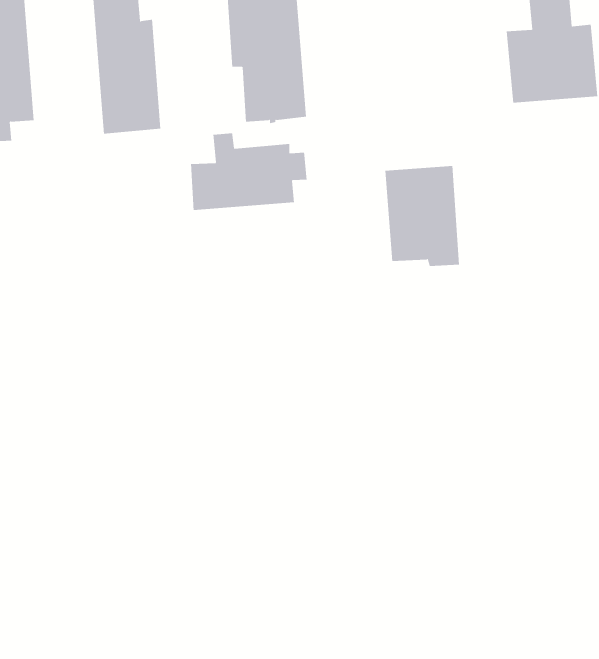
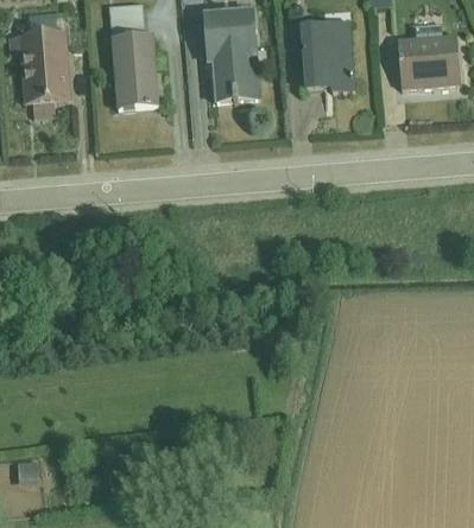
building: [190,133,307,211] -> none
building: [384,165,460,267] -> [302,23,354,93]

